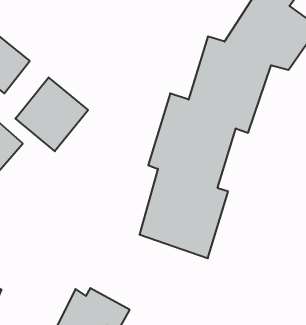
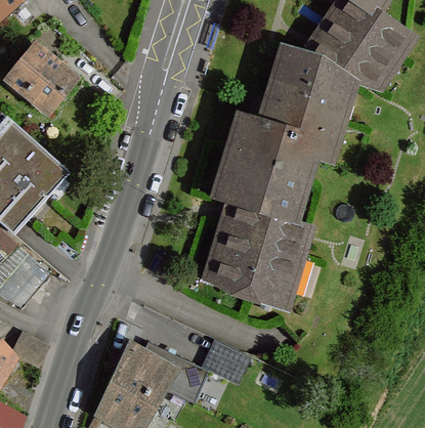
building: [15,77,88,151] -> none

